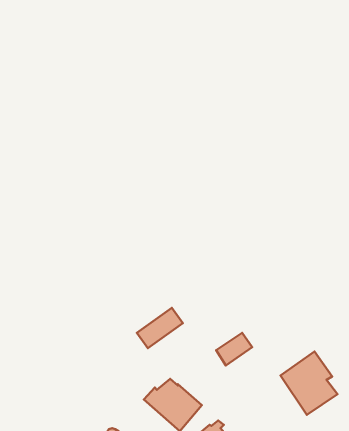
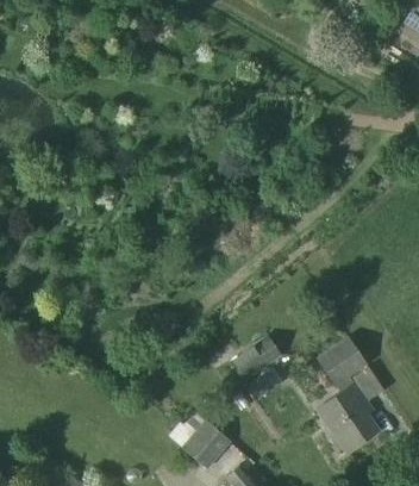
building: none -> [315,336,367,387]
building: [137,308,183,348] -> [229,336,279,380]

